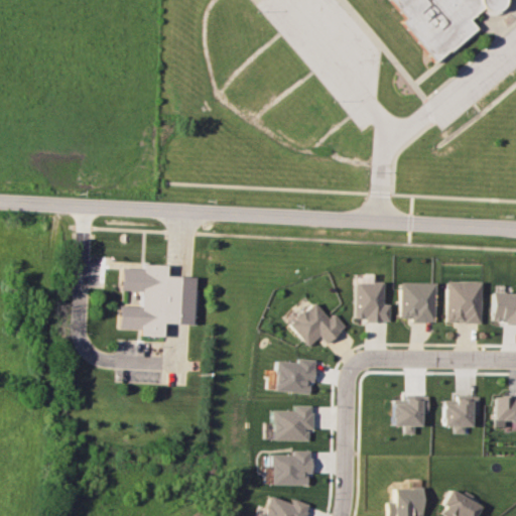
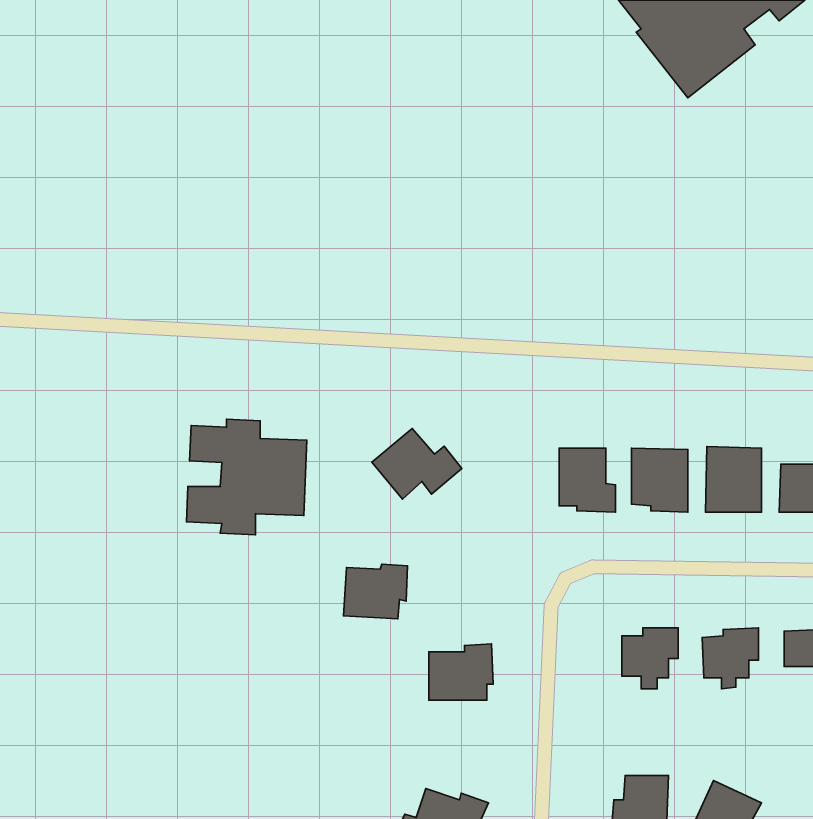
building: [290,302,347,347] -> [372,428,462,499]
building: [276,359,316,393] -> [343,564,408,619]
building: [268,450,312,485] -> none

